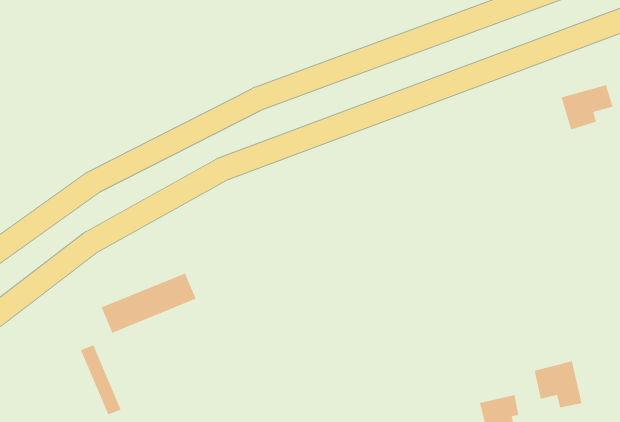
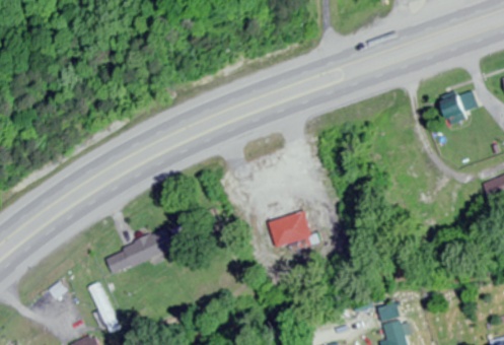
building: none -> [269,212,312,248]
building: [534,360,582,408] -> none

